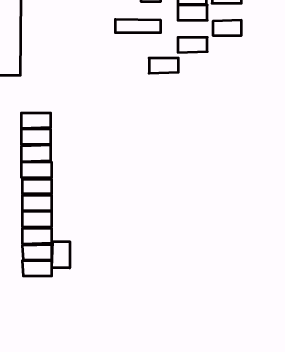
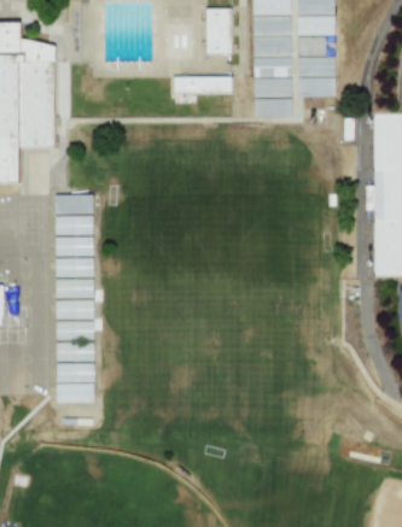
building: none -> [297,57,334,76]
building: [149,58,178,73] -> [254,78,291,98]
building: [52,242,70,268] -> none

